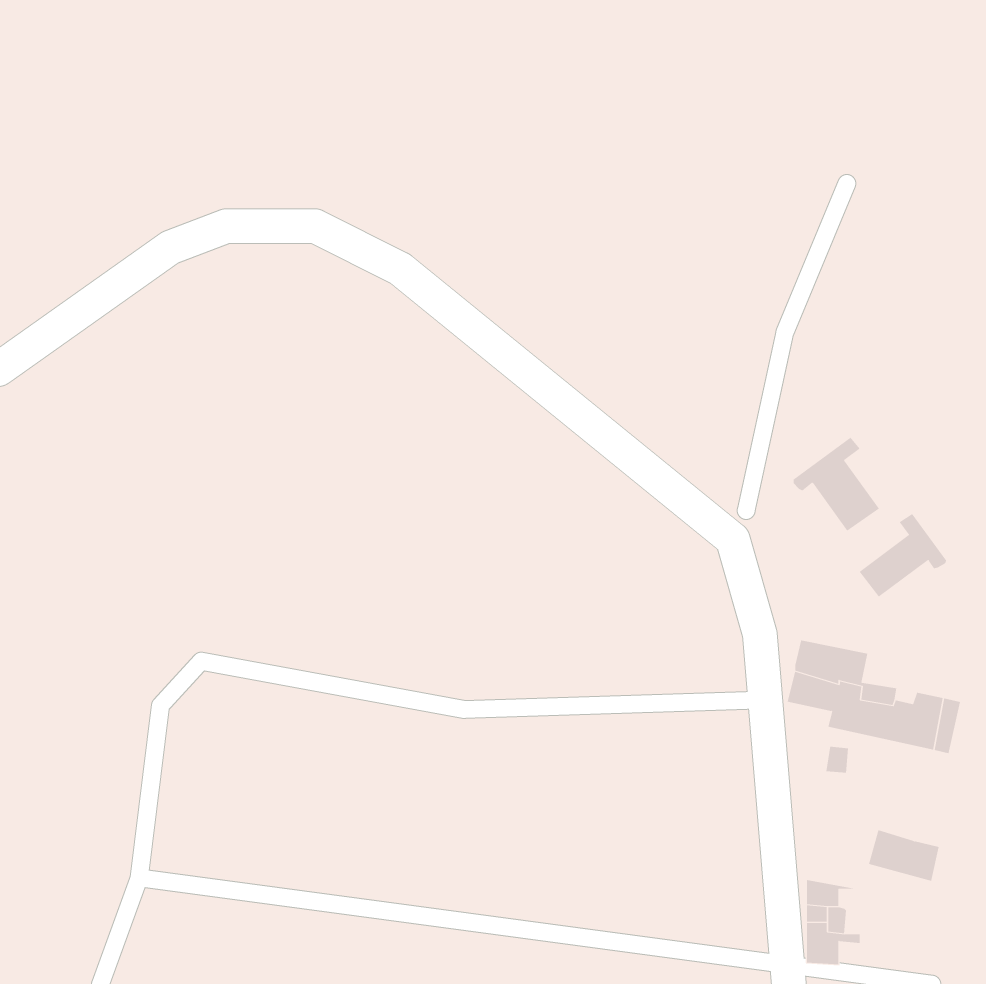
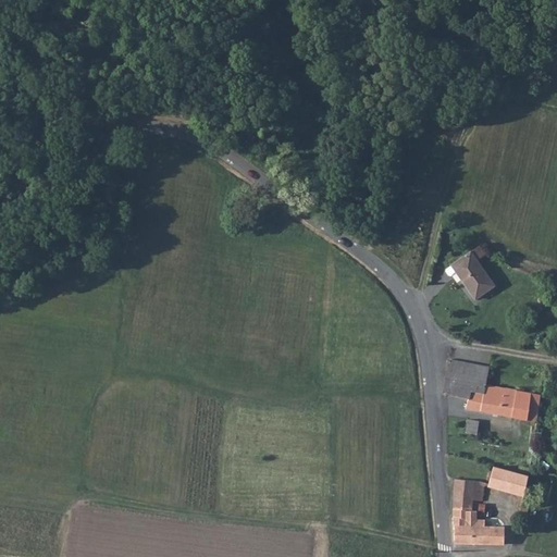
building: [859,513,947,597] -> none
building: none -> [454,479,483,500]
building: none -> [472,525,505,543]

